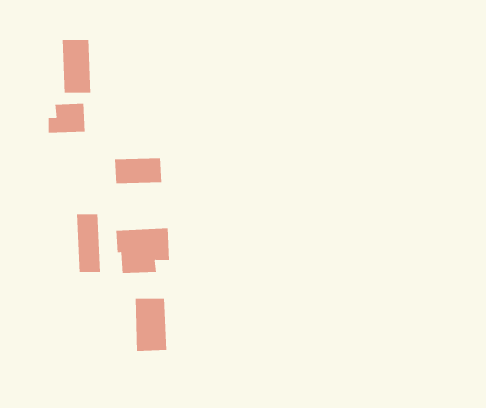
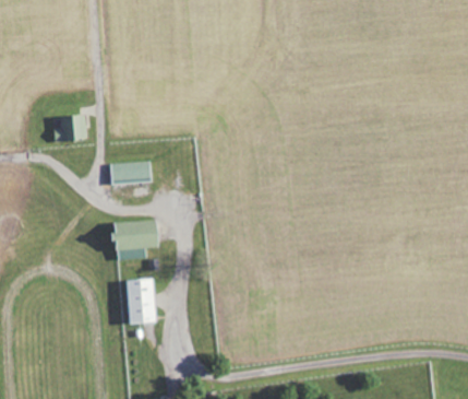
building: [62,39,91,94] -> none
building: [76,213,101,273] -> none

